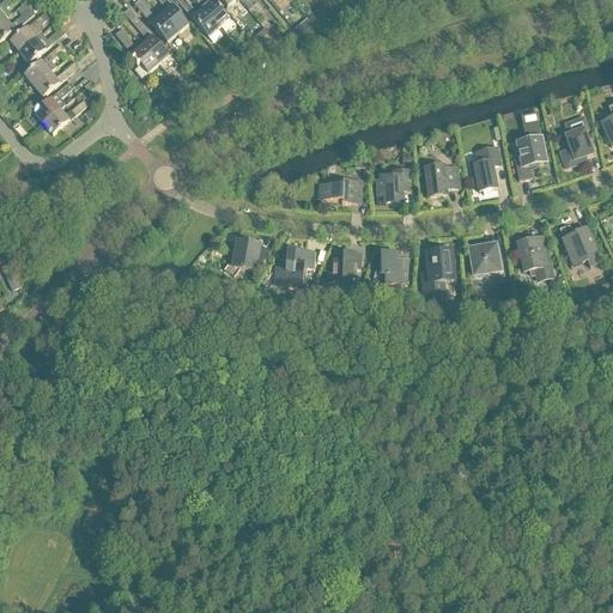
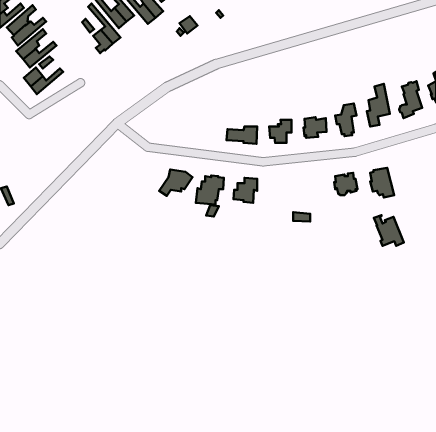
building: [558,221,600,265] -> [374,215,404,246]
building: [421,247,453,291] -> none
building: [372,249,407,281] -> none

